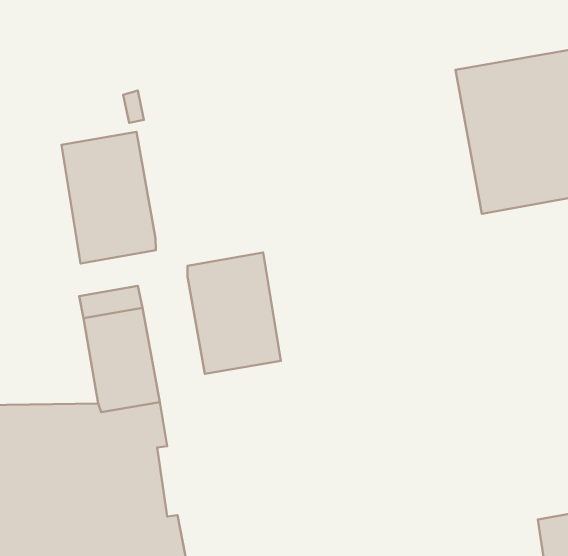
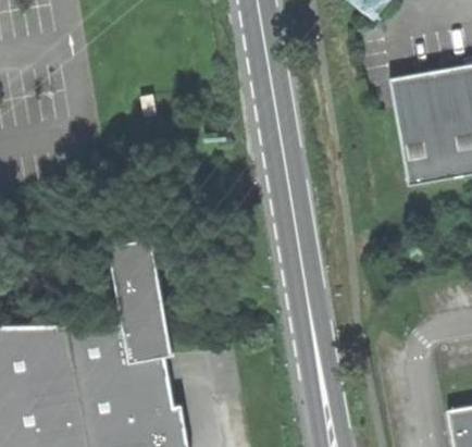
building: [61,132,156,263] -> none
building: [188,253,281,374] -> none

